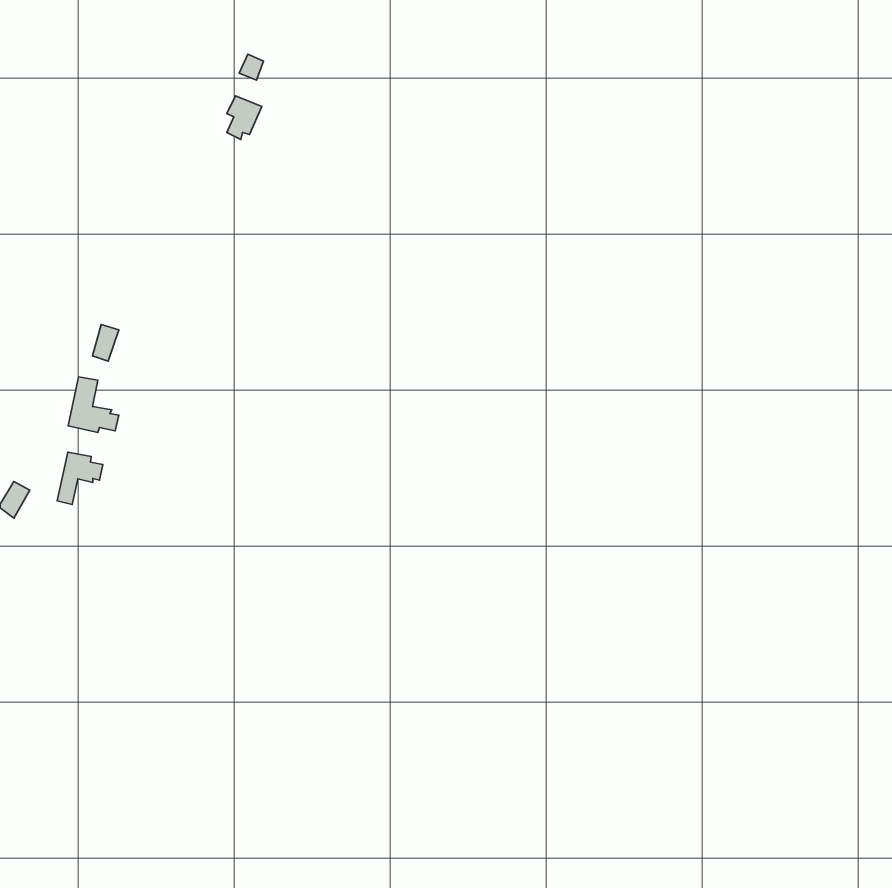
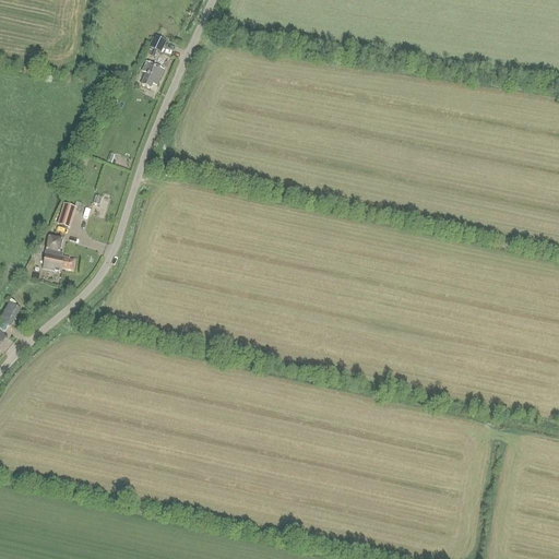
building: [57,452,103,505] -> none

